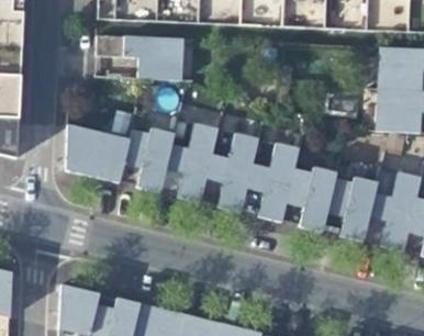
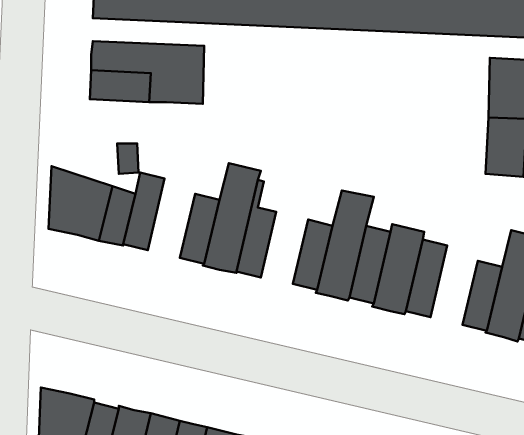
building: [136,128,172,193] -> none
building: [217,133,258,212] -> none
building: [338,177,376,242] -> none

